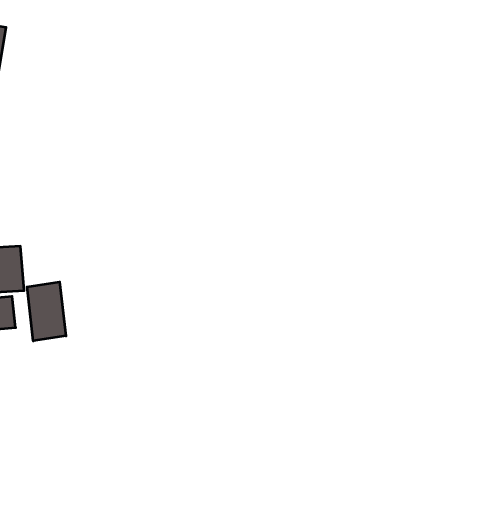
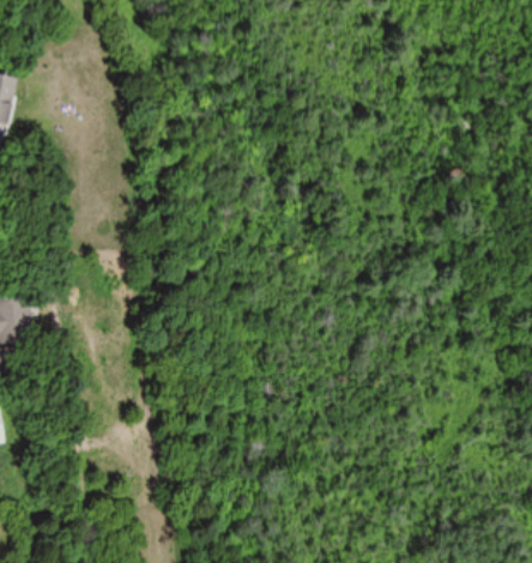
building: [27,282,66,341] -> none

